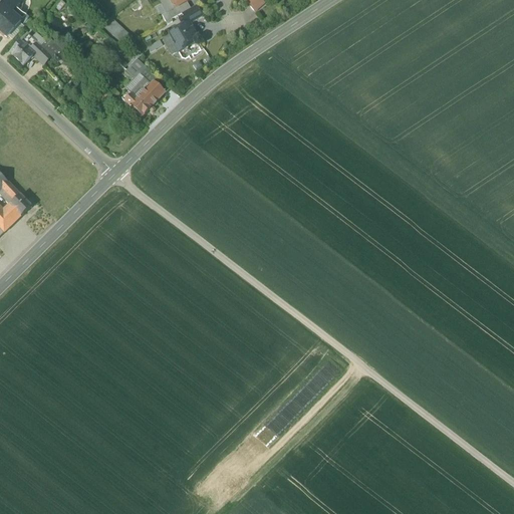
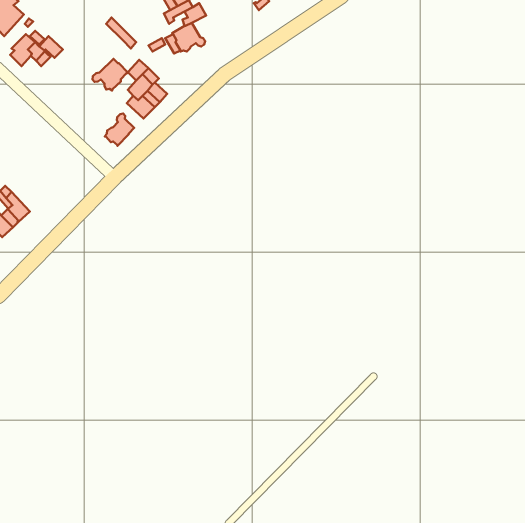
building: none -> [93,59,128,90]
building: none -> [105,114,134,146]

